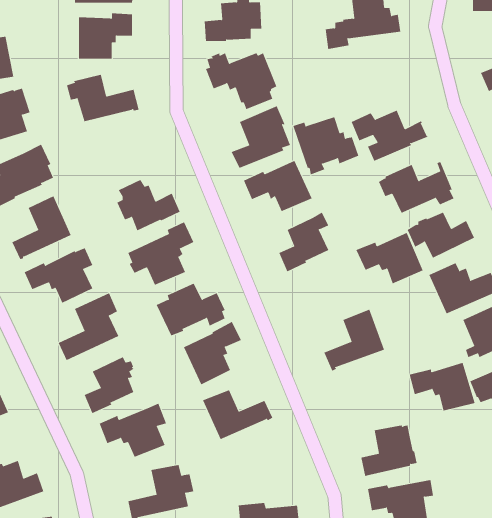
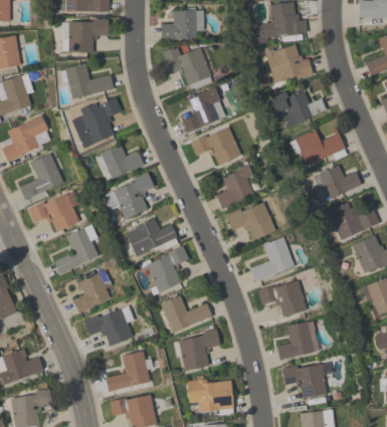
building: [292,116,359,175] -> [263,44,313,87]
building: none -> [72,97,122,145]
building: [355,232,424,284] -> [225,202,275,240]
building: [409,362,476,411] -> [257,280,307,316]
building: none -> [174,329,220,370]

